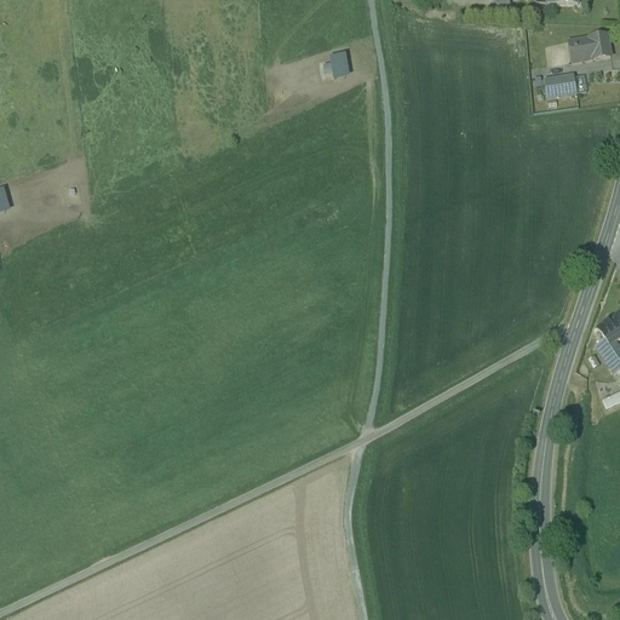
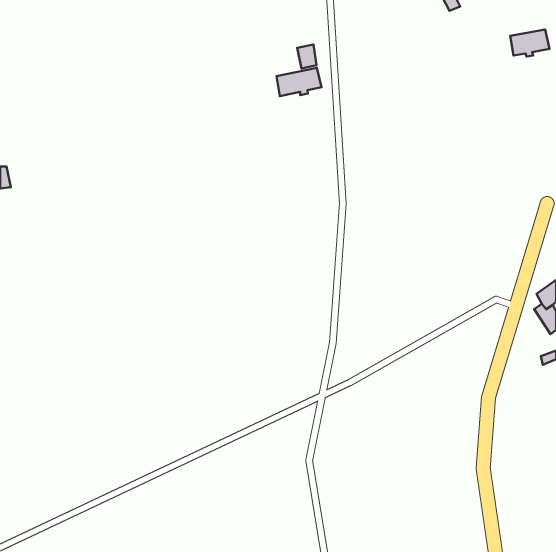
building: [542,74,576,97] -> none
building: none -> [276,68,322,96]

